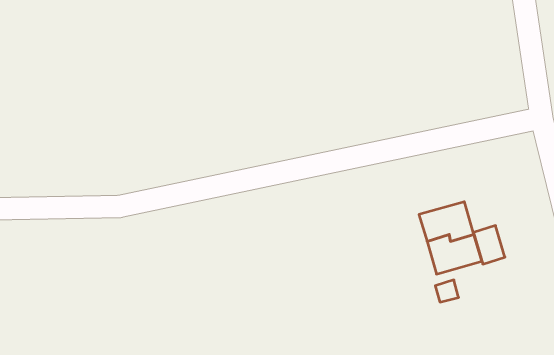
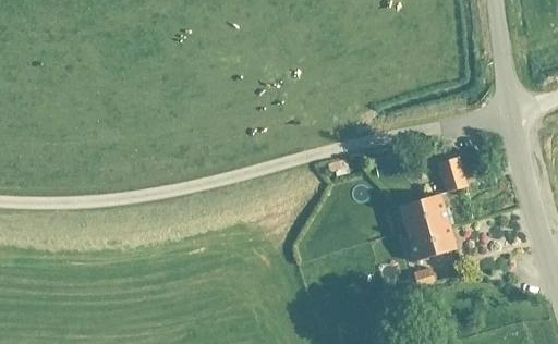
building: [473,226,505,264] -> [438,156,468,192]

